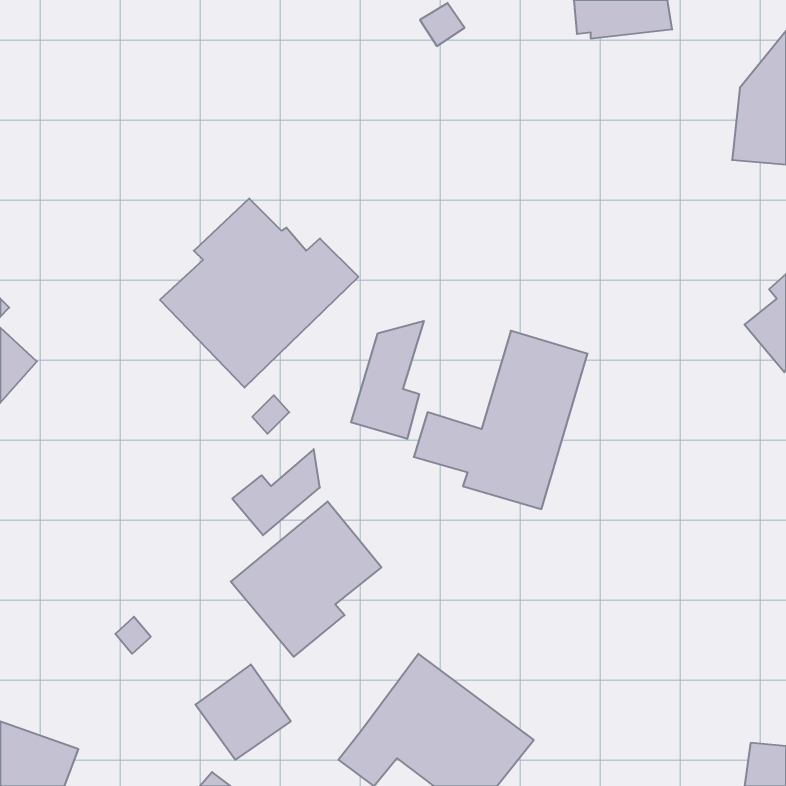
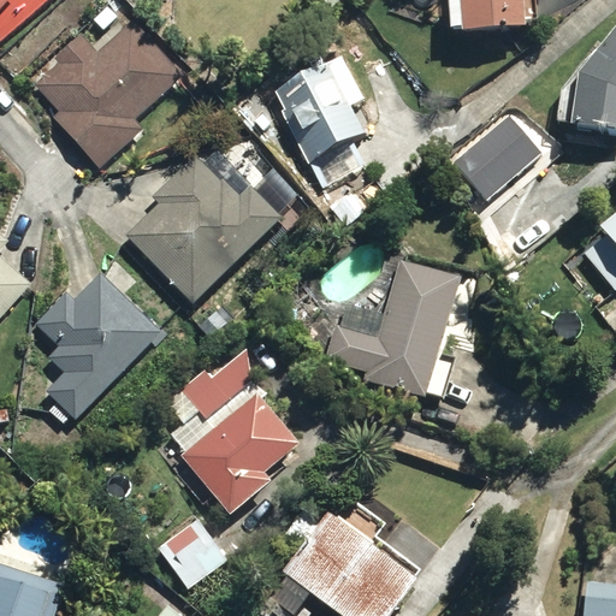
building: none -> [34,20,182,166]
building: none -> [274,57,367,183]
building: none -> [454,116,541,200]
building: [351,321,424,439] -> none
building: none -> [35,273,159,422]

